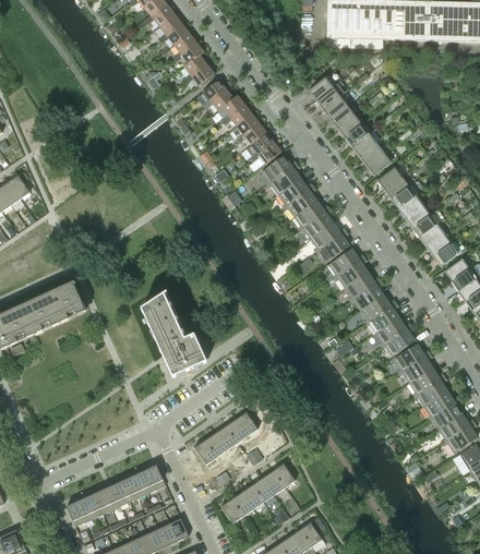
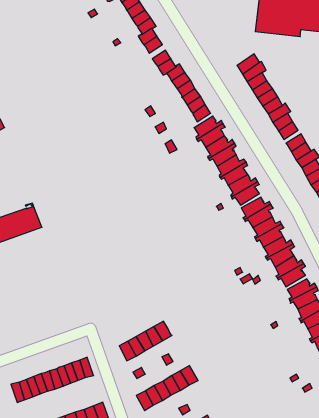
building: [141,292,206,377] -> none

